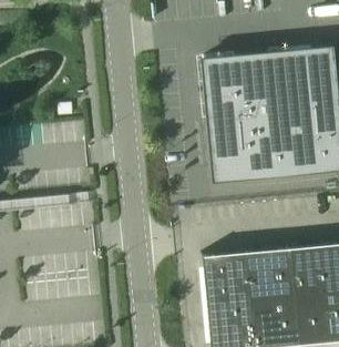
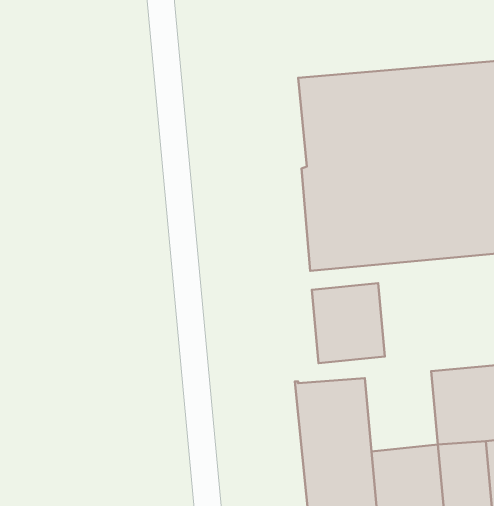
building: [248,249,296,302] -> [312,283,385,363]

